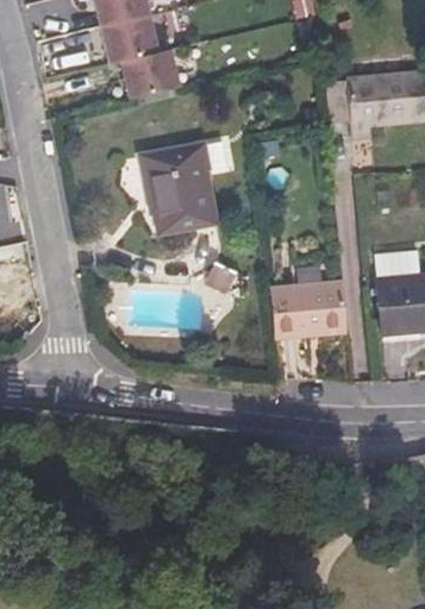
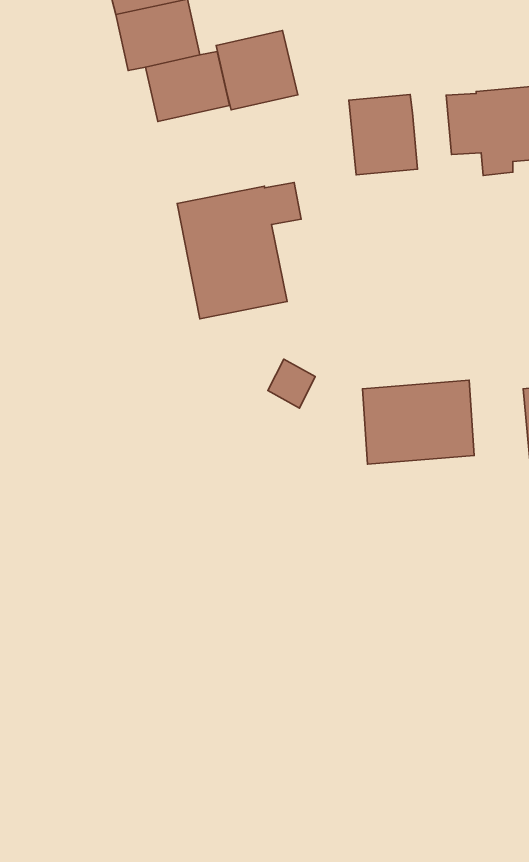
building: none -> [216,30,298,110]
building: none -> [349,95,418,175]

